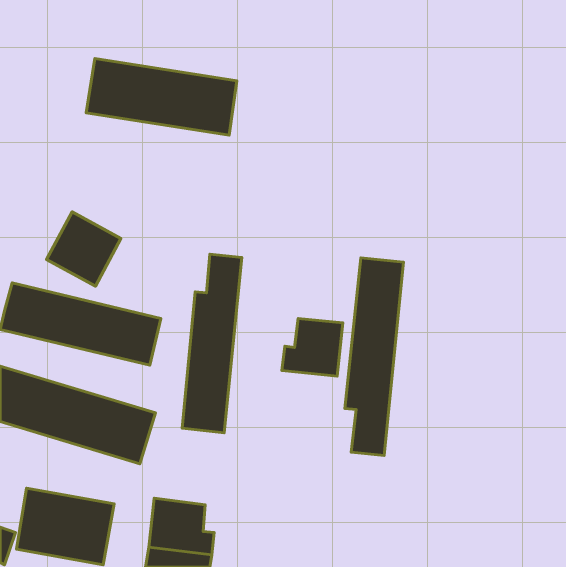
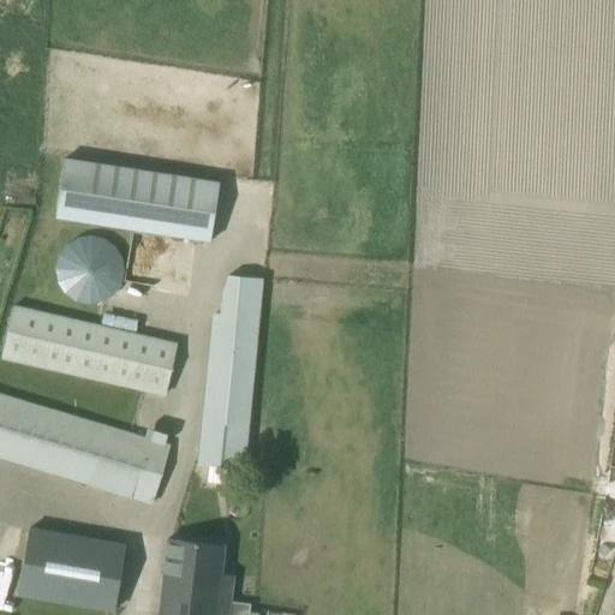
building: [86,59,237,135] -> [55,159,219,241]
building: [345,258,404,455] -> none
building: [282,319,343,376] -> none

